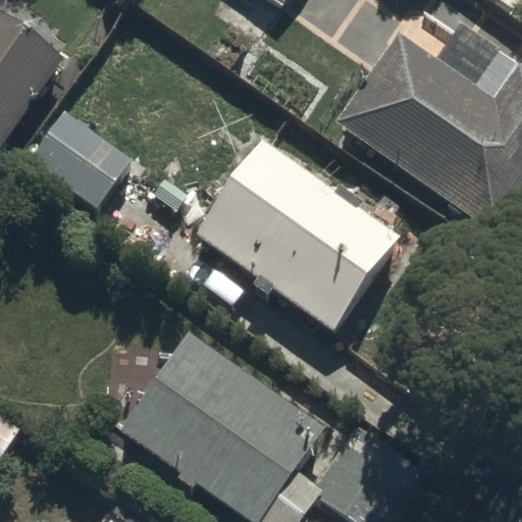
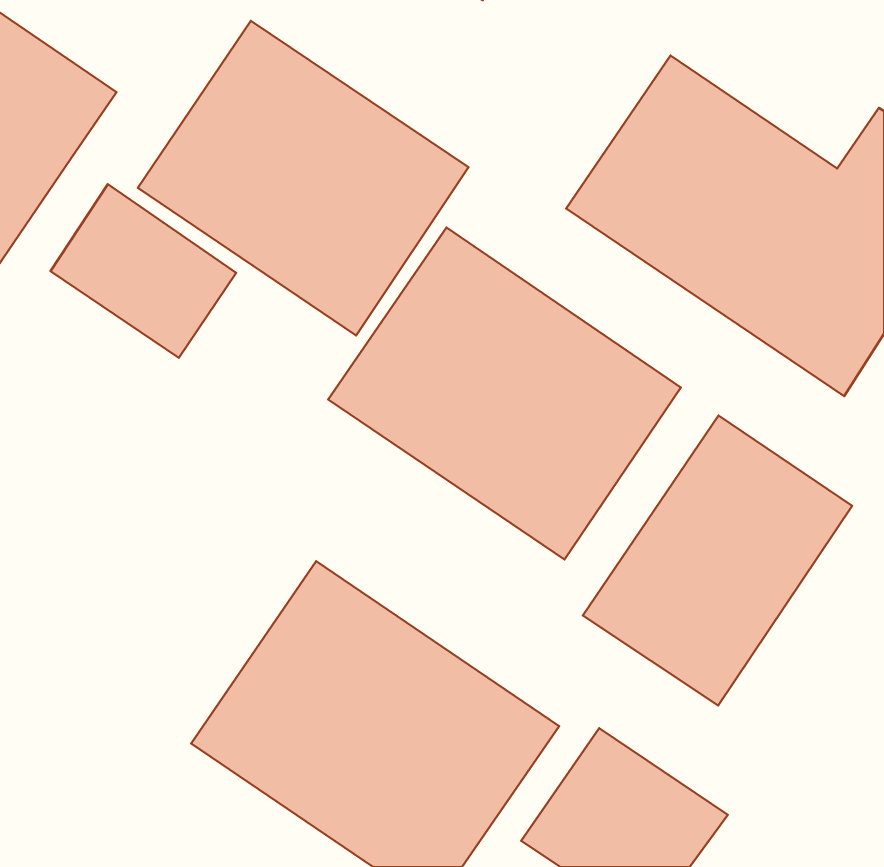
building: none -> [138,21,469,336]
building: none -> [583,415,852,706]

